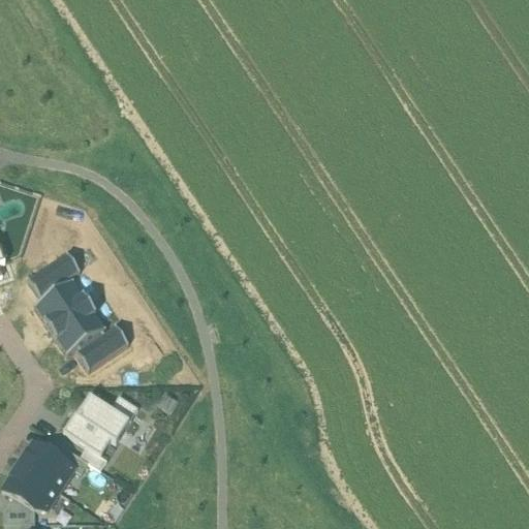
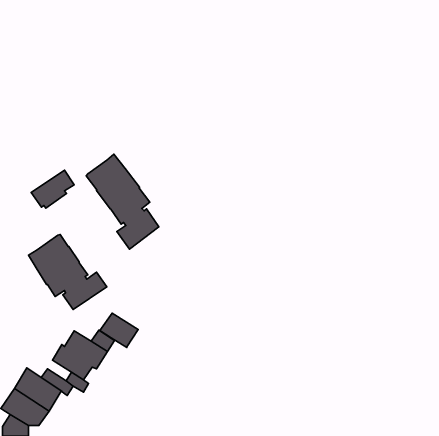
building: none -> [86,154,159,249]
building: [28,254,80,300] -> [31,170,74,208]
building: none -> [100,313,138,347]

